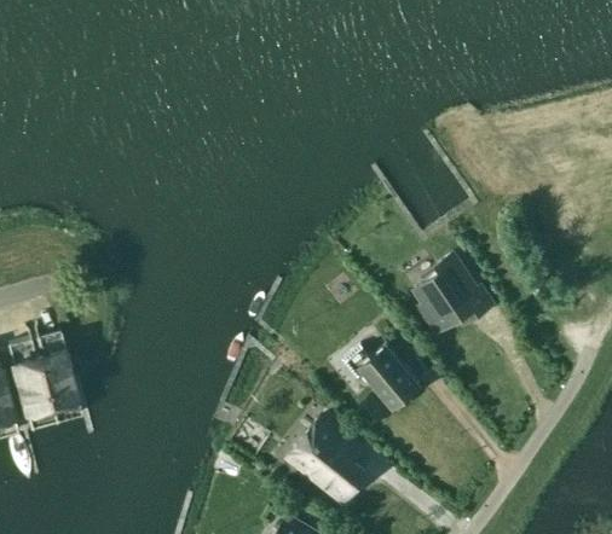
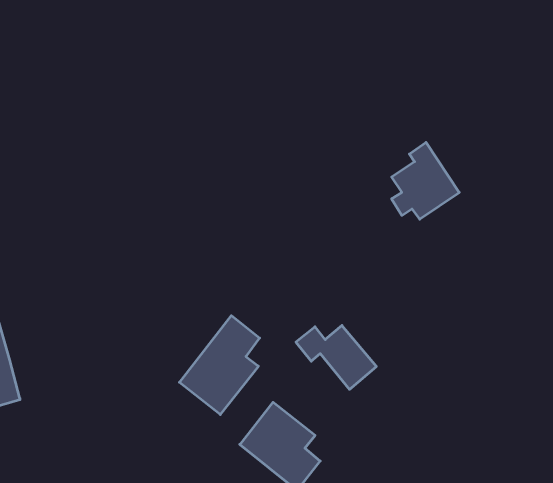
building: [418,256,483,329] -> [392,142,459,219]
building: none -> [179,316,260,415]

